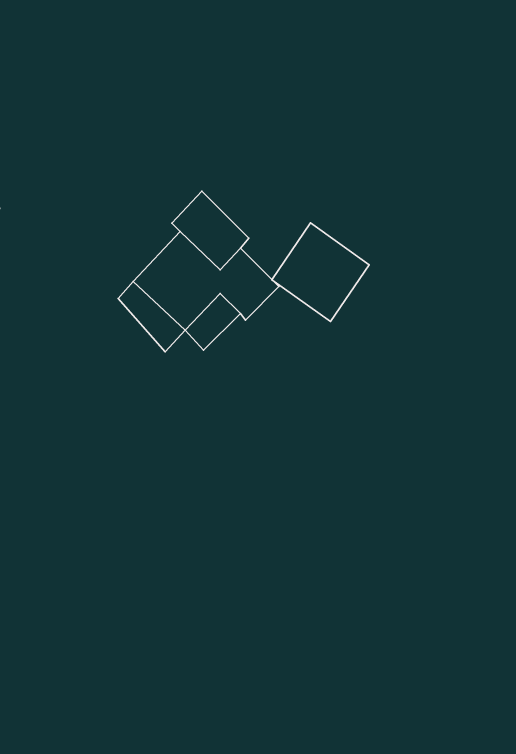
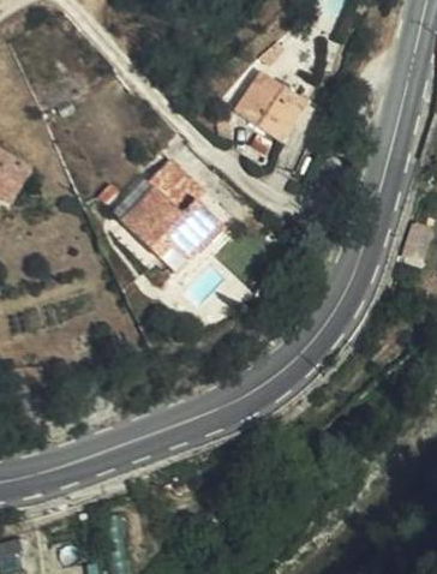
building: [272,223,369,322] -> [231,83,300,154]

